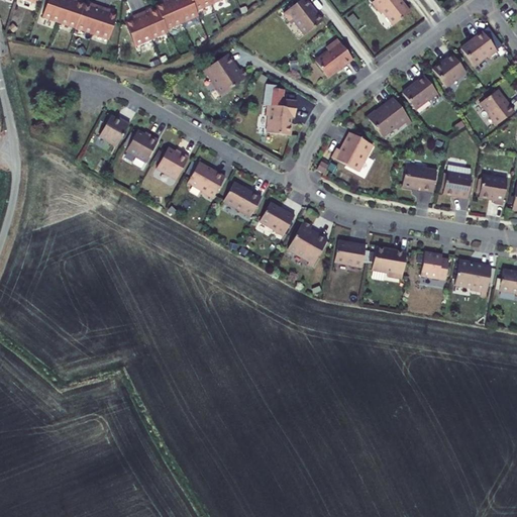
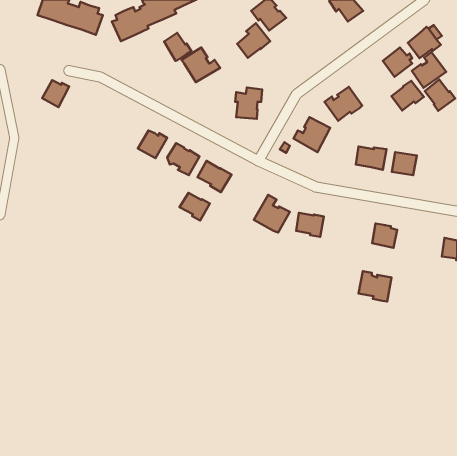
building: none -> [164,33,191,61]
building: [315,38,352,78] -> [237,23,270,58]
building: none -> [412,52,446,88]
building: [402,75,438,108] -> [392,81,424,110]
building: [99,115,129,145] -> [42,80,69,107]
building: [125,130,159,162] -> none
building: [479,175,507,204] -> none
building: [260,203,294,234] -> [180,193,210,220]
building: [372,246,406,278] -> none
building: [453,261,491,295] -> [358,271,392,302]

